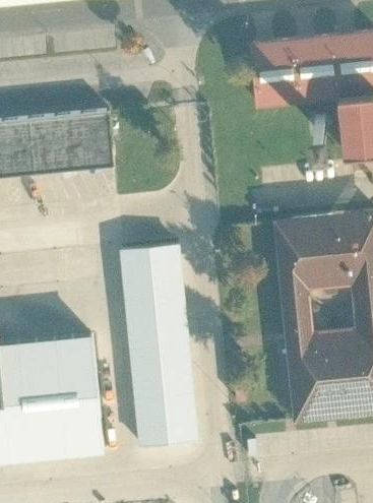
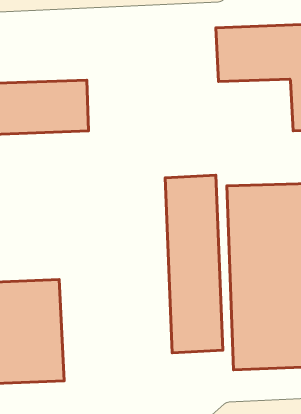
building: [120,244,196,446] -> [165,175,223,353]

